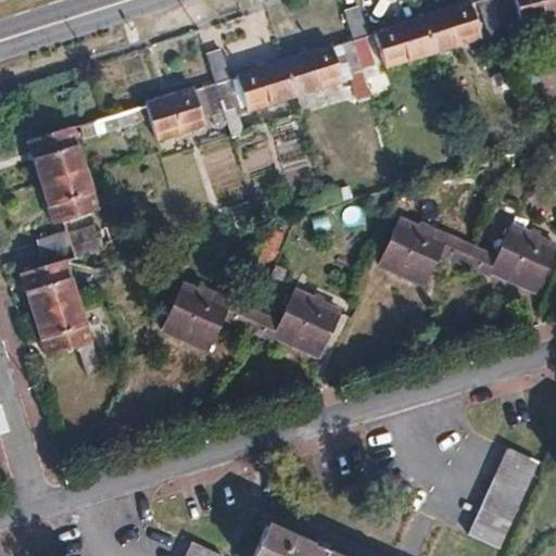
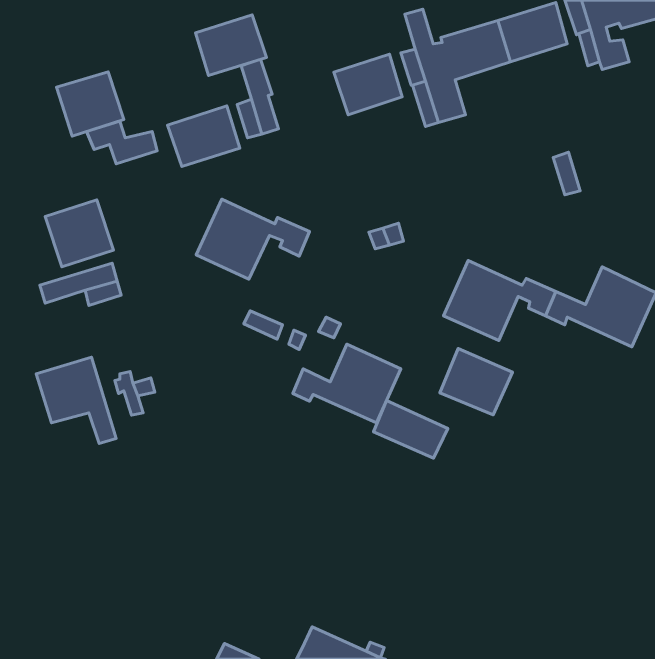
building: [237,61,296,112] -> [195,15,266,76]
building: [28,128,85,182] -> [57,72,124,136]
building: [22,260,80,315] -> none
building: [163,283,258,351] -> [196,199,310,279]
building: none -> [440,349,512,415]
building: none -> [374,401,448,458]
building: [469,448,538,547] -> none

